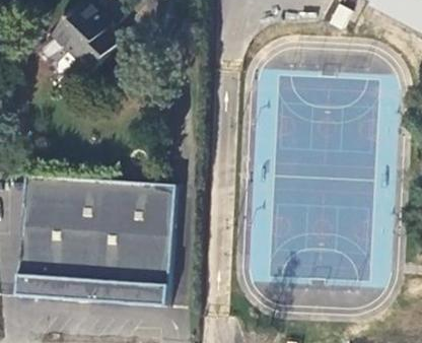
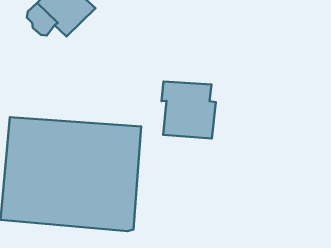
building: none -> [161,82,216,138]

